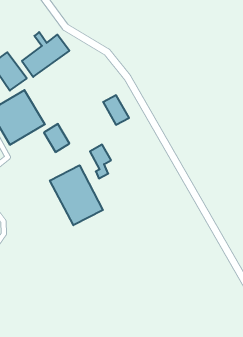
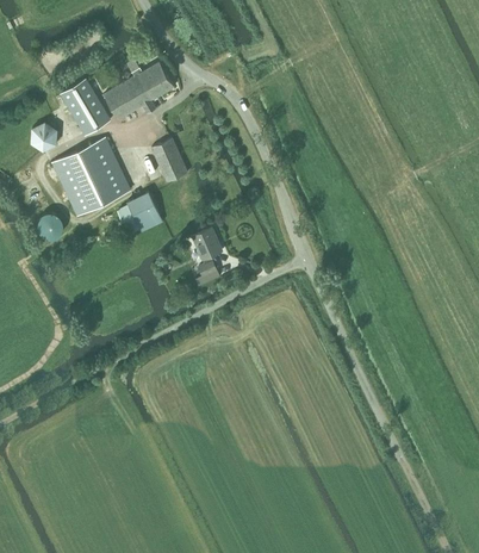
building: [103,95,129,125] -> [153,138,188,181]
building: [50,165,103,225] -> none

